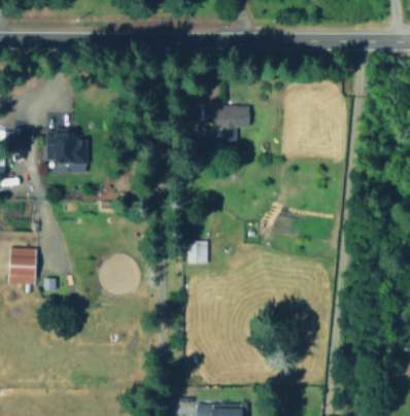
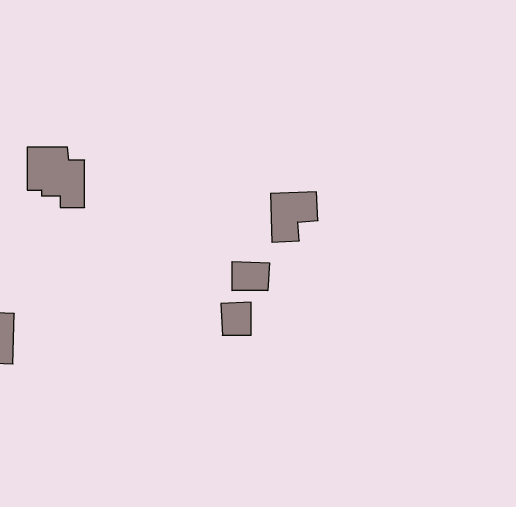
building: [216,106,250,142] -> [271,192,318,242]
building: none -> [232,262,269,291]

